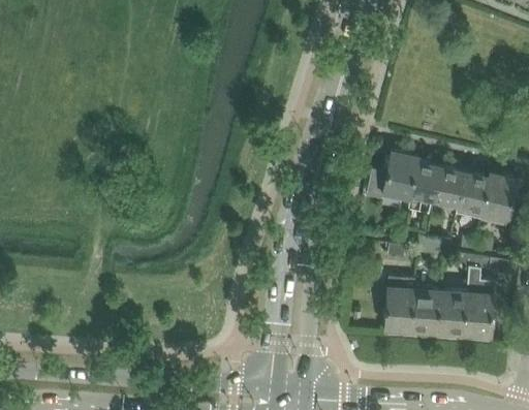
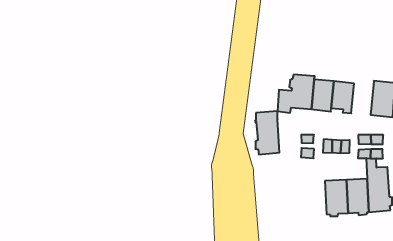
building: [457,172,490,218] -> none
building: [382,277,415,329] -> [255,111,279,154]

